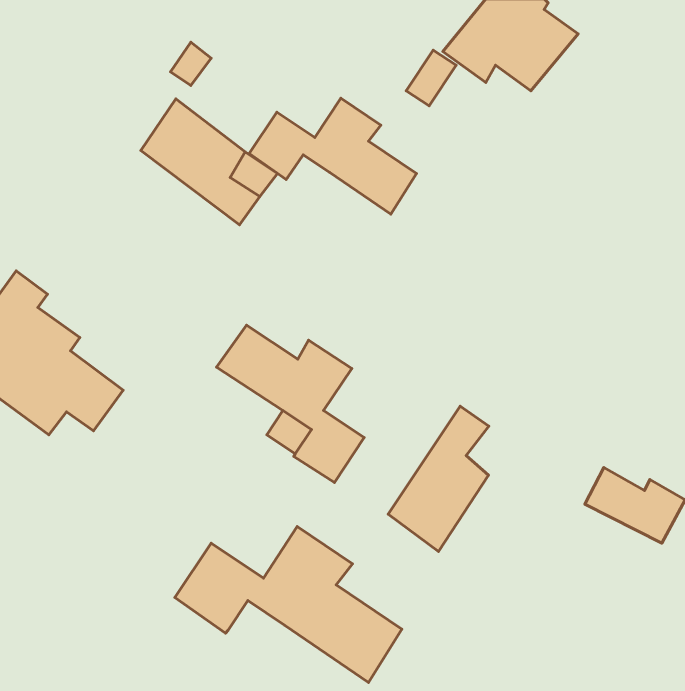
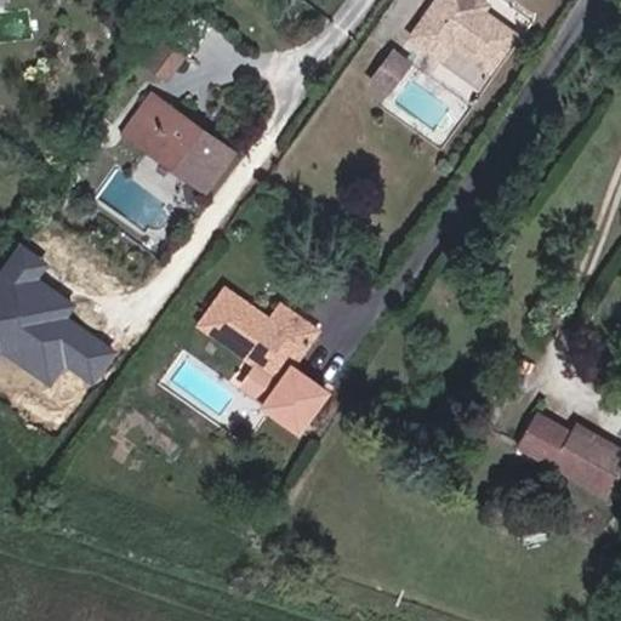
building: [249,98,416,214] -> none
building: [388,406,489,551] -> none
building: [175,526,402,682] -> none

